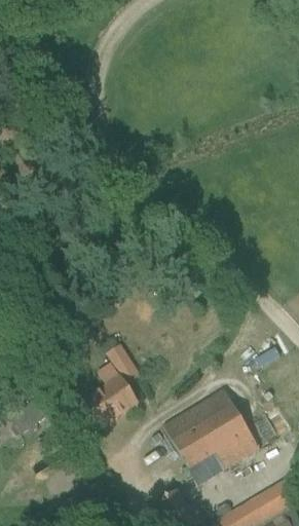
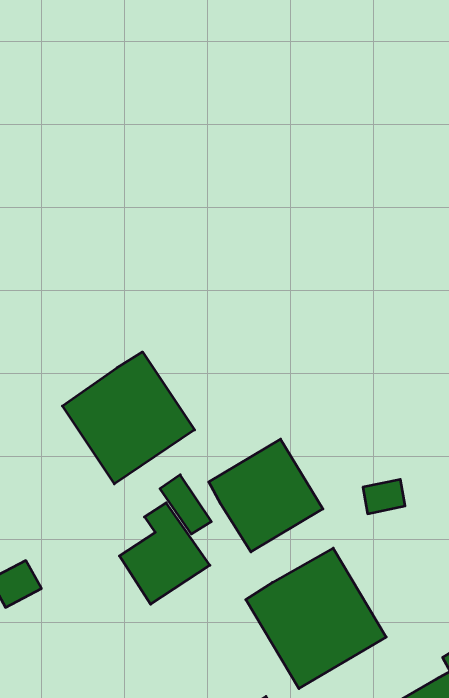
building: none -> [62,352,195,484]
building: none -> [209,439,323,552]

